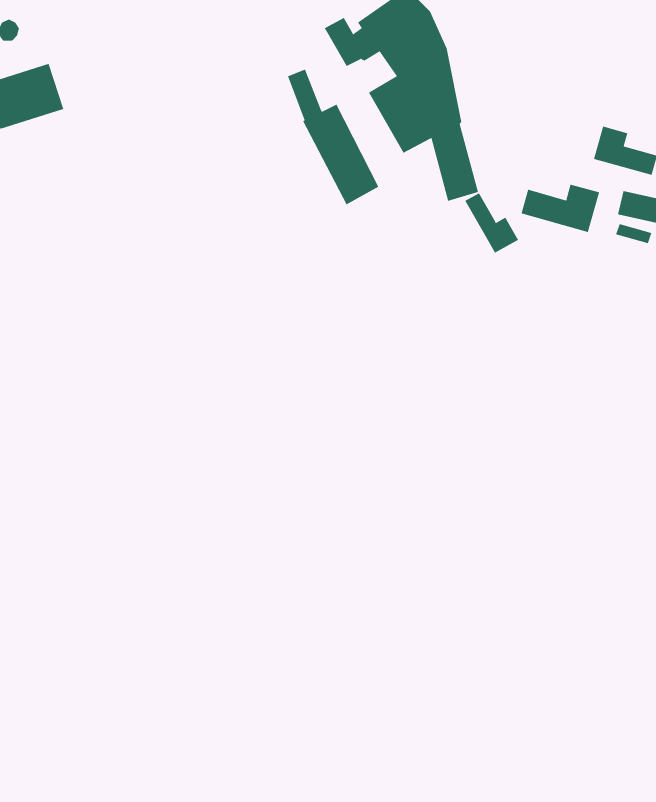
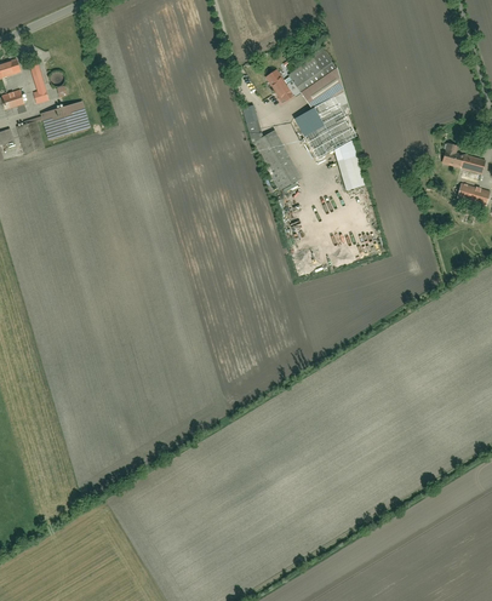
building: [521,184,600,233] -> none
building: [465,192,519,254] -> none

